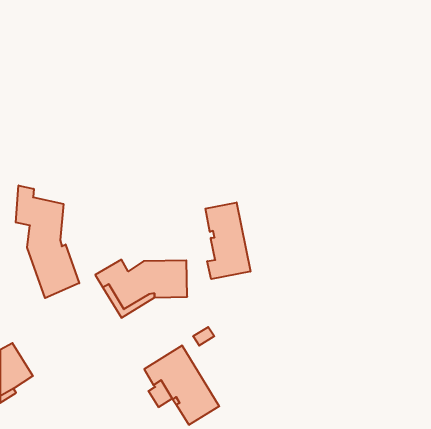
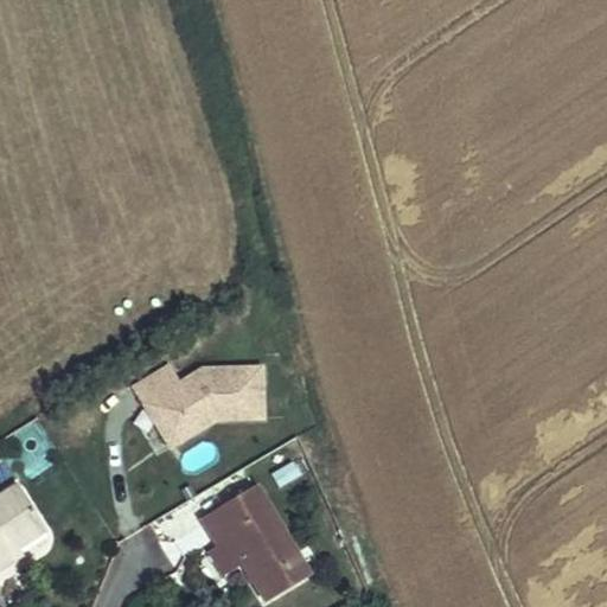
building: [16,185,79,298] -> none
building: [205,202,250,279] -> none

